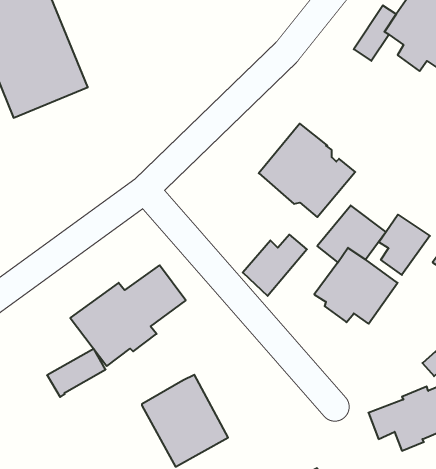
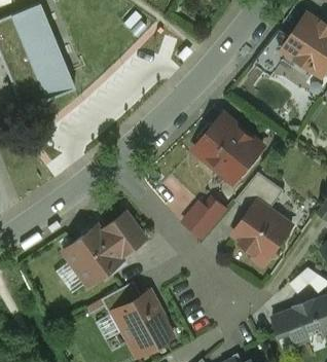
building: [379,215,430,275] -> none
building: [47,349,106,397] -> [100,281,141,315]

